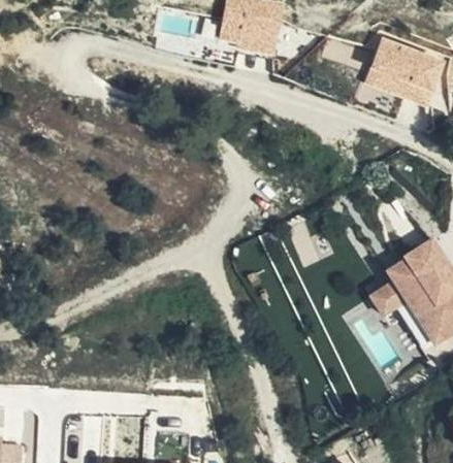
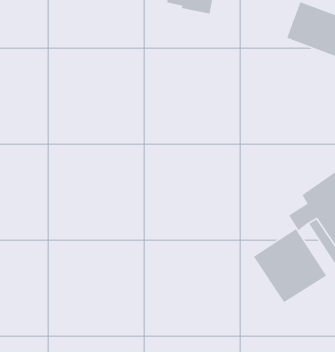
building: none -> [253,228,327,303]

